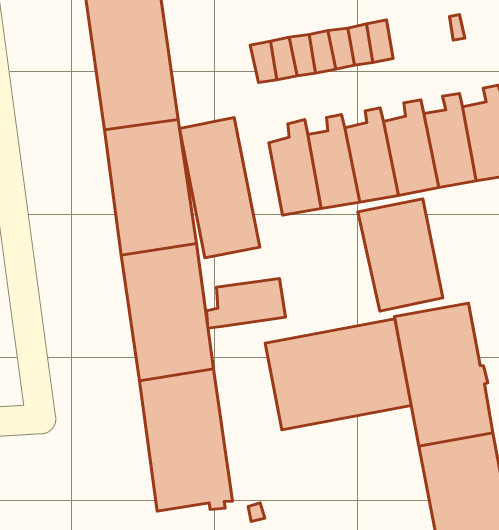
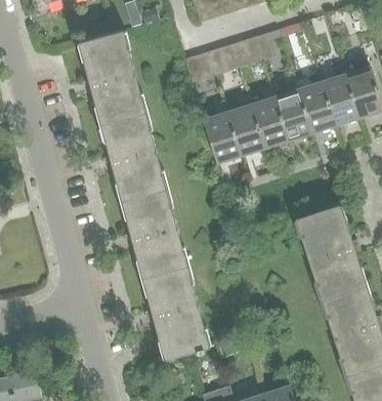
building: [179,117,260,258] -> none
building: [358,199,443,311] -> none
building: [207,278,286,328] -> none
building: [265,319,411,430] -> none

